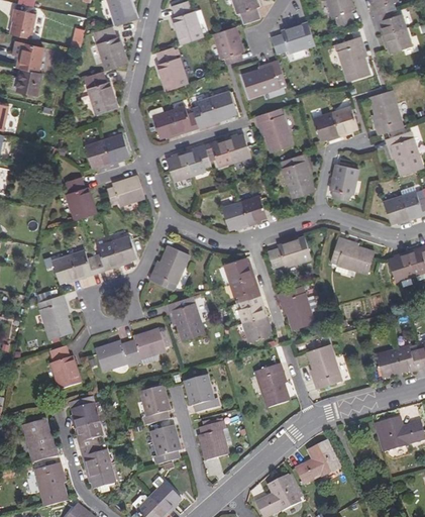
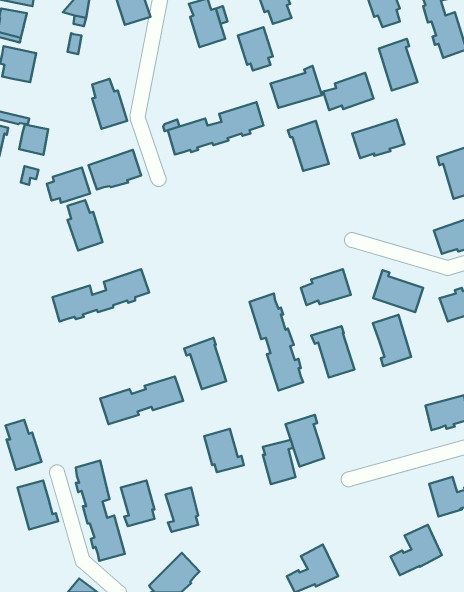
building: [271,22,314,55] -> [323,73,373,110]
building: [94,27,126,70] -> none
building: [155,47,187,91] -> none
building: [13,72,38,98] -> [19,125,48,155]
building: [368,91,402,135] -> none
building: [166,135,250,182] -> none
building: [281,154,314,199] -> none
building: [329,165,358,201] -> none
building: [107,176,144,206] -> [47,168,90,203]
building: [221,196,265,229] -> none
building: [149,245,189,290] -> none
building: [37,295,71,339] -> none
building: [307,344,340,389] -> [373,315,411,366]
building: [49,345,81,389] -> [5,420,41,470]
building: [139,385,169,424] -> [121,480,155,526]
building: [199,421,227,459] -> [263,440,295,484]
building: [295,440,339,484] -> [391,525,442,575]
building: [34,462,67,506] -> none

